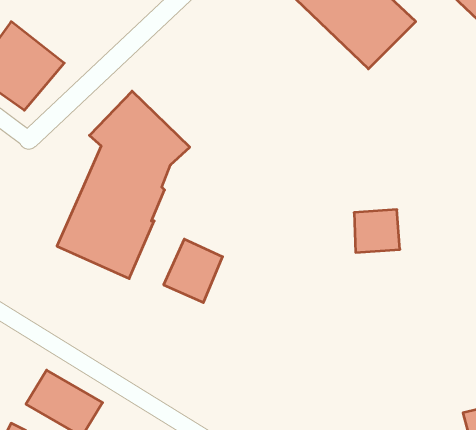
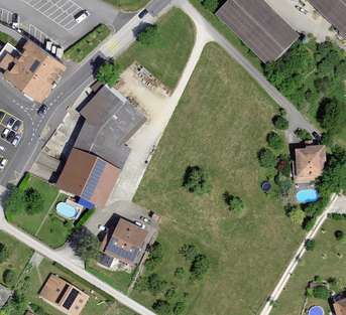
building: [354,210,400,252] -> [296,150,327,179]
building: [164,239,223,303] -> [108,218,148,262]

